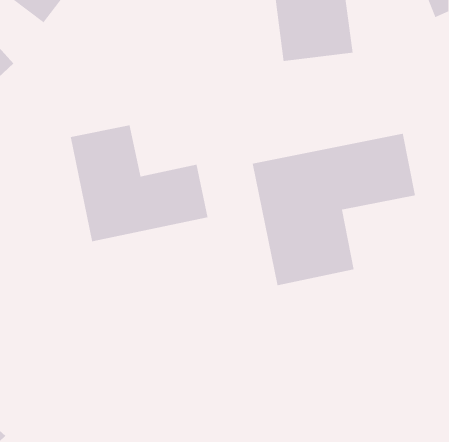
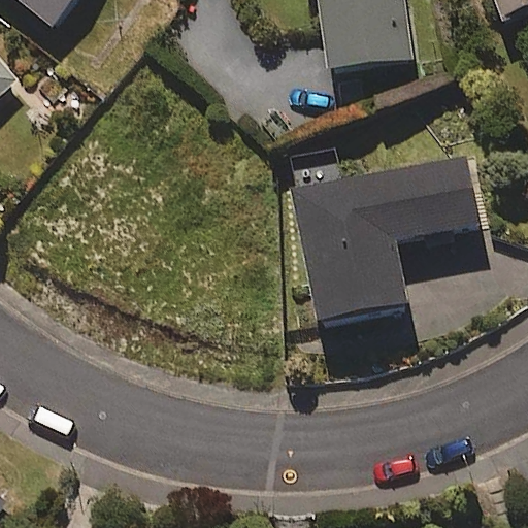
building: [70,124,208,242] -> none

